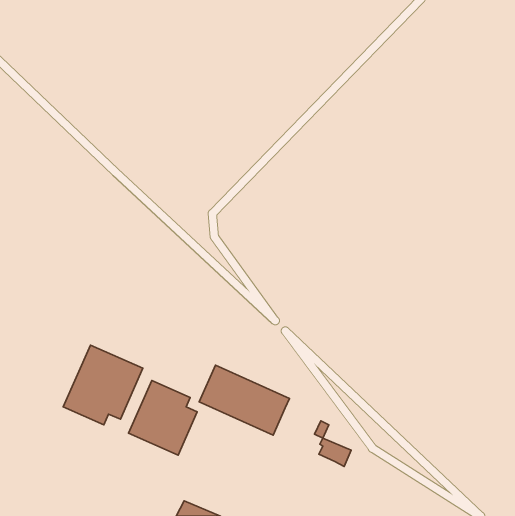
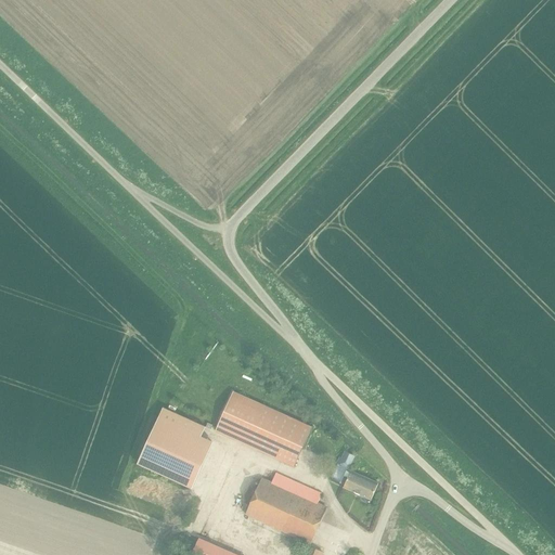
building: [63,345,143,425] -> none
building: none -> [244,473,325,543]

